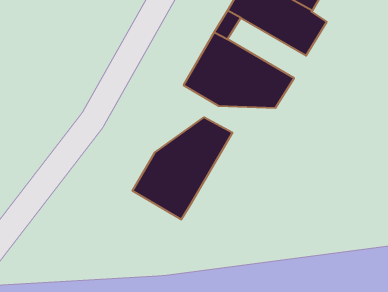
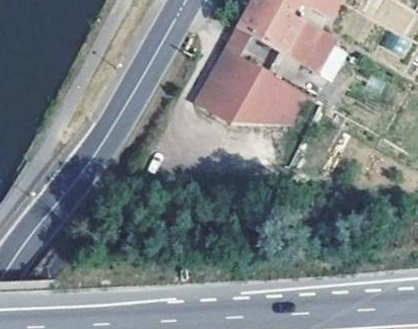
building: [132,117,232,220] -> none

